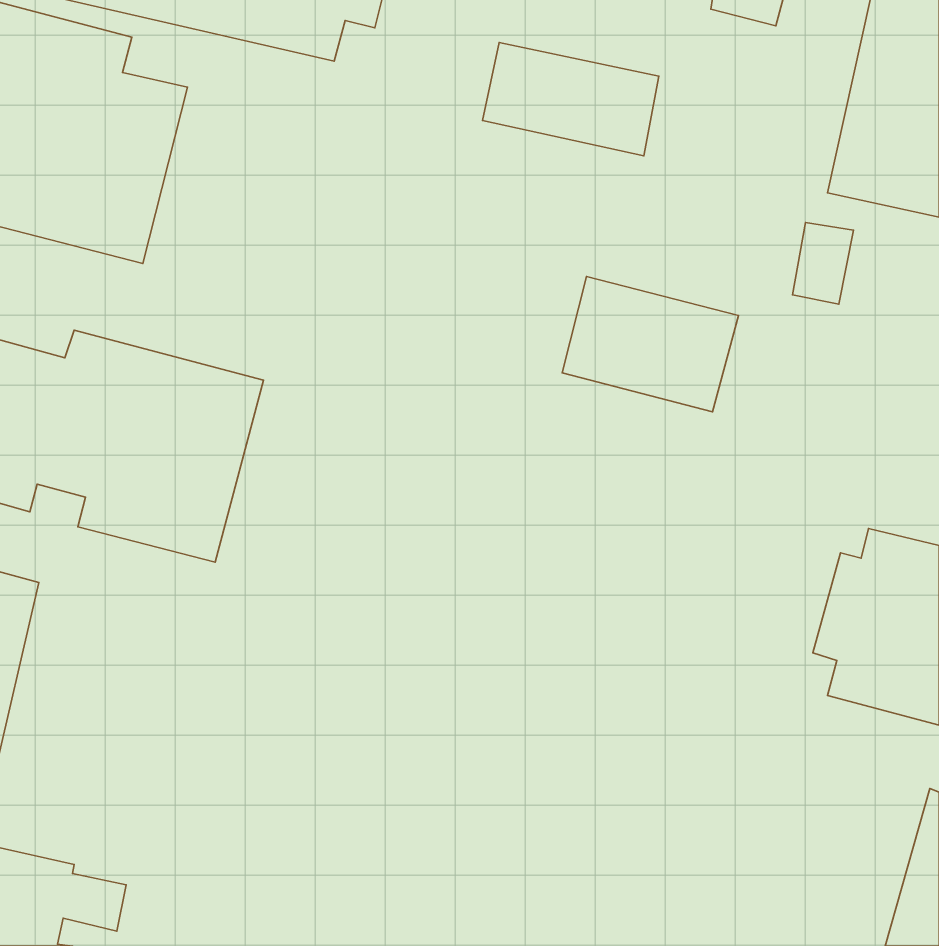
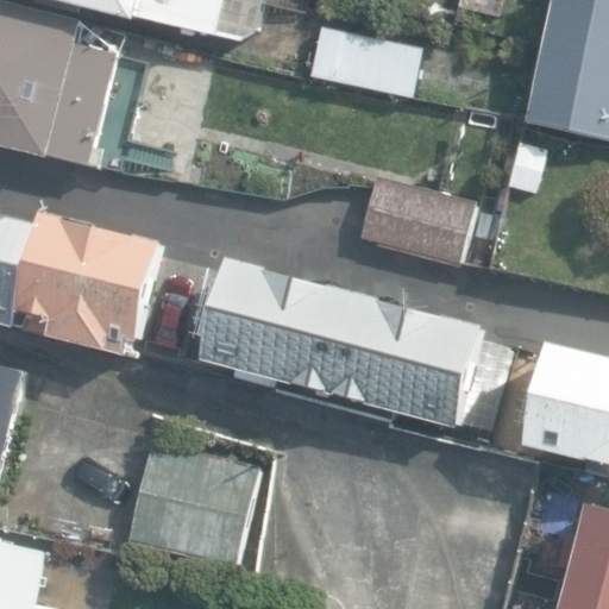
building: none -> [203,259,488,429]
building: none -> [127,444,256,567]

